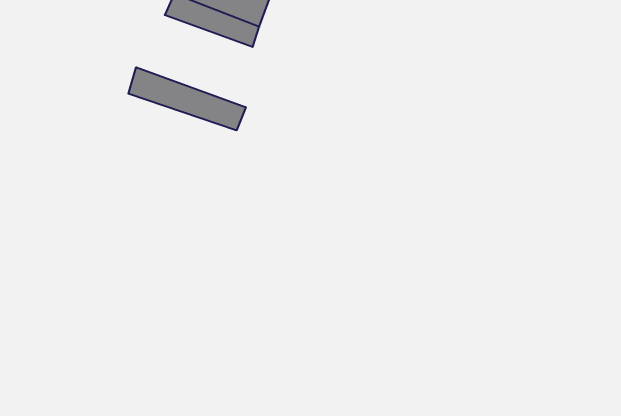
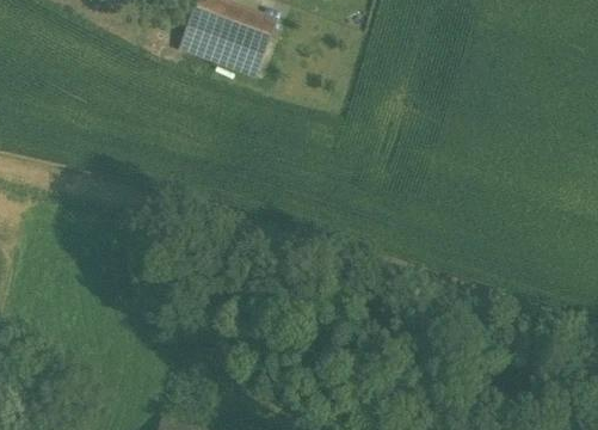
building: [128,67,246,130] -> none

